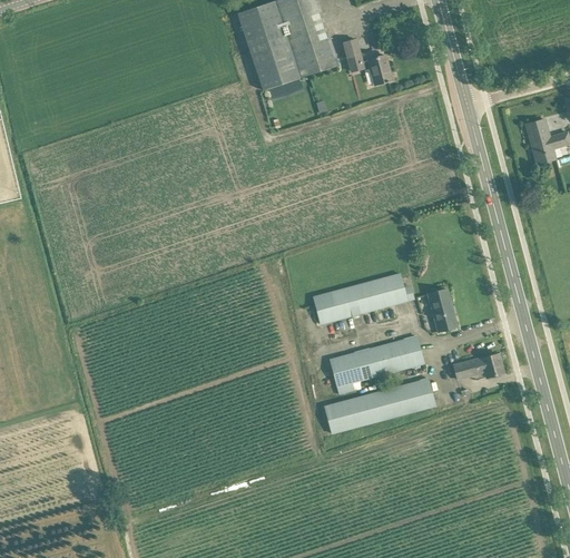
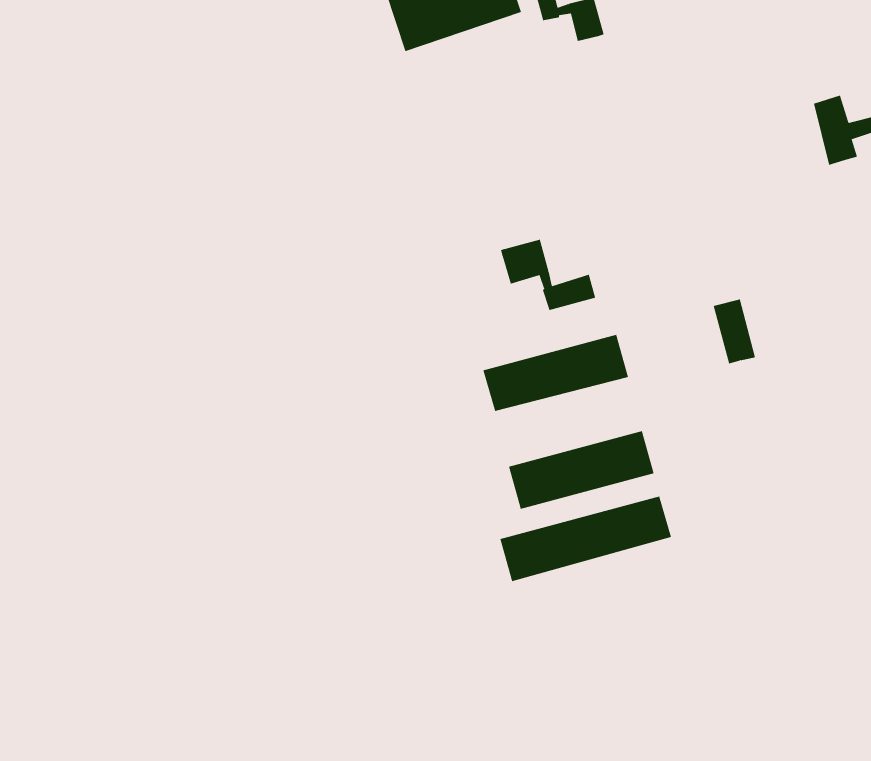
building: none -> [501,239,596,311]
building: [429,288,456,331] -> [713,299,756,364]
building: [453,353,503,379] -> none

